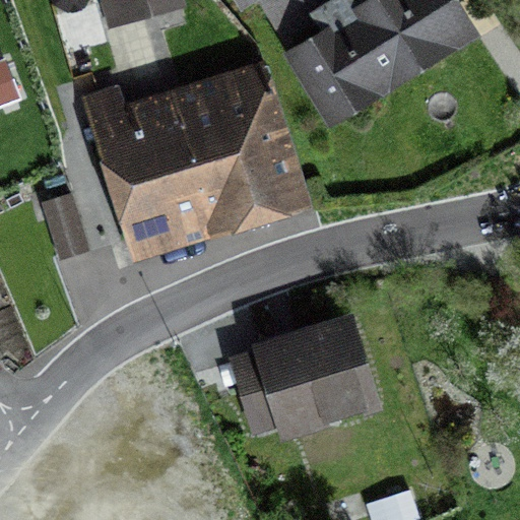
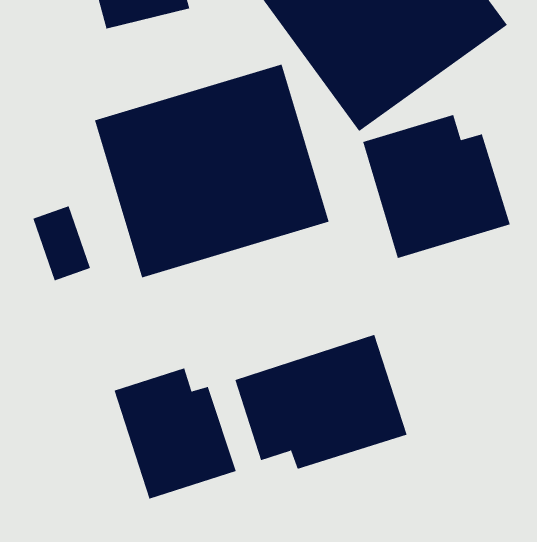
building: none -> [363,114,511,259]
building: none -> [114,367,237,500]

